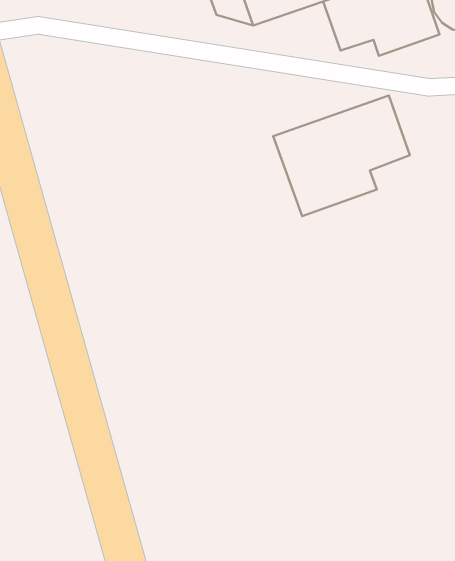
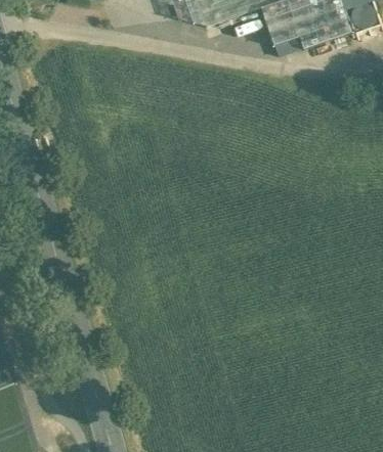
building: [273,95,410,216] -> none

